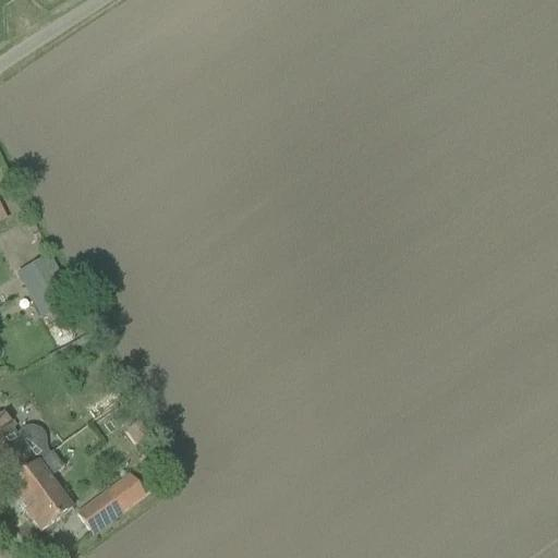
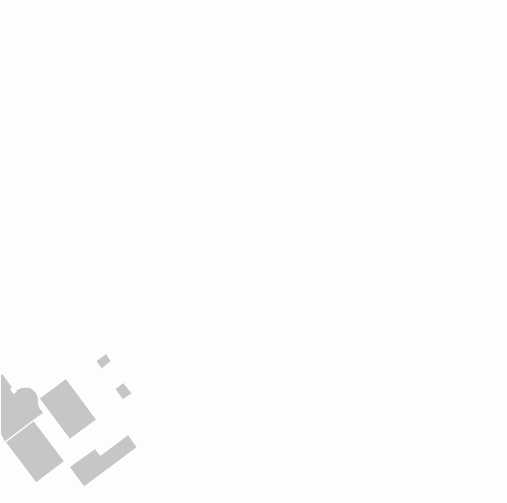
building: [20,253,72,310] -> none
building: none -> [39,378,97,440]

